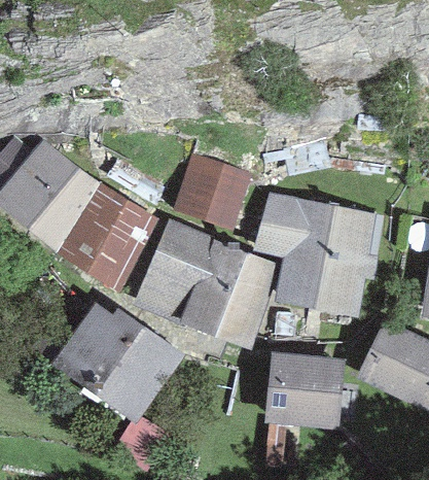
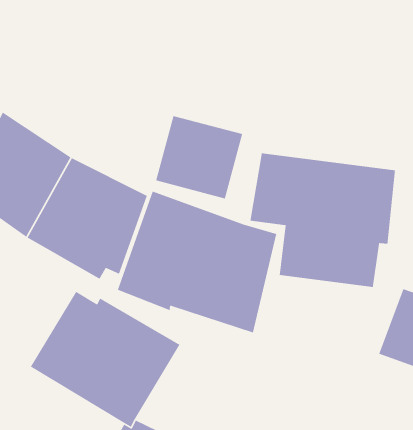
building: [264,352,344,430] -> none

